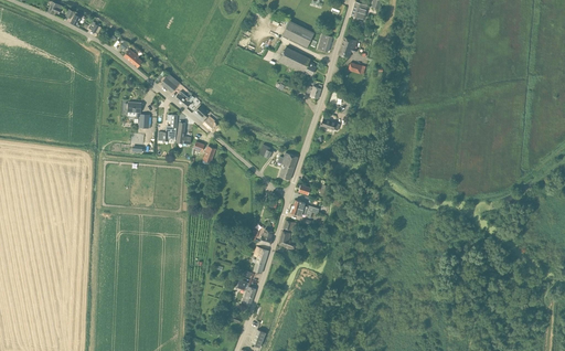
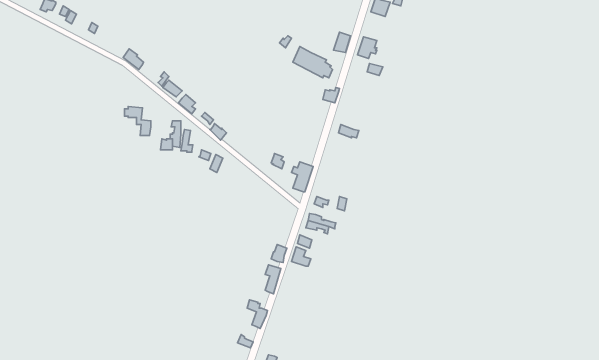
building: [281,19,315,46] -> none

